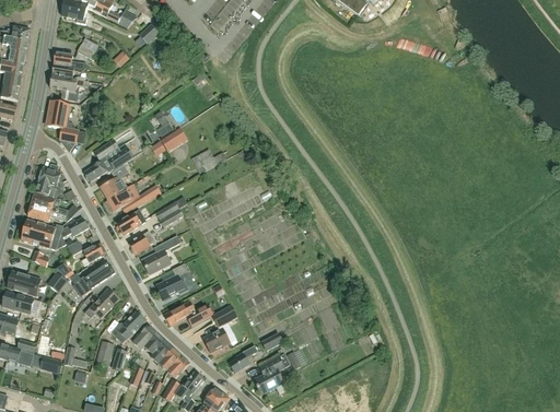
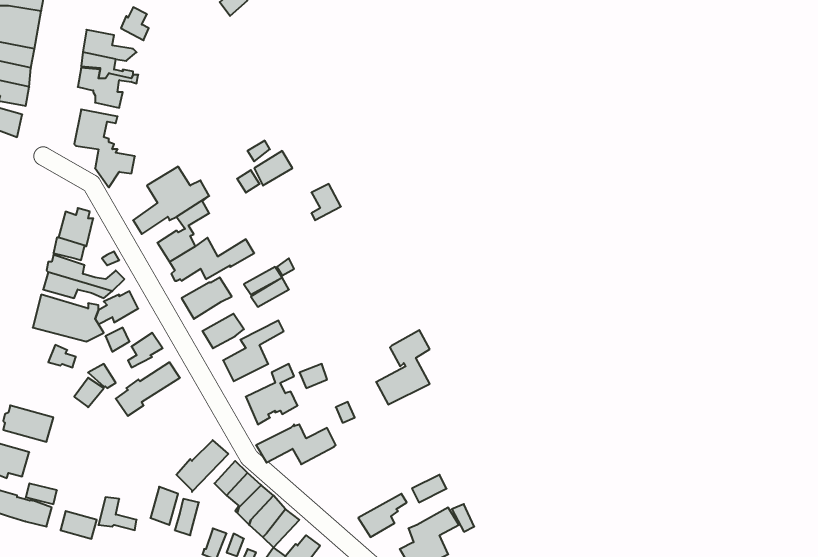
building: [8,271,40,296] -> none
building: [83,289,118,318] -> none
building: [202,305,236,352] -> [376,330,430,405]

